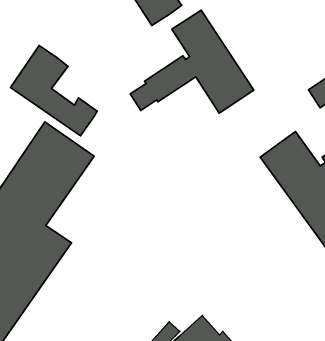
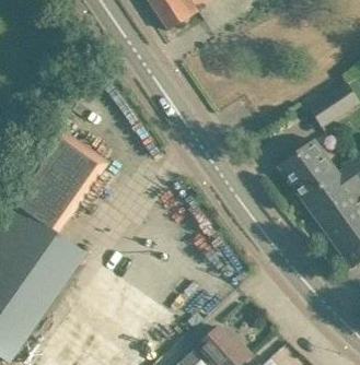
building: [130,10,254,113] -> none
building: [10,45,97,136] -> none

